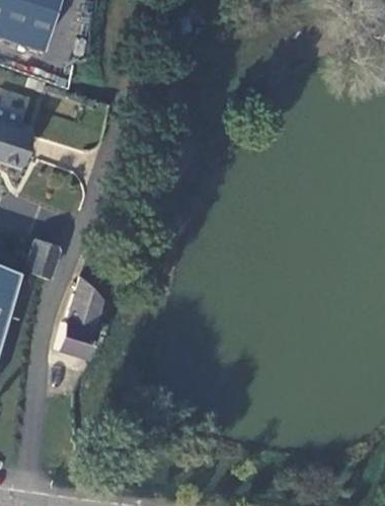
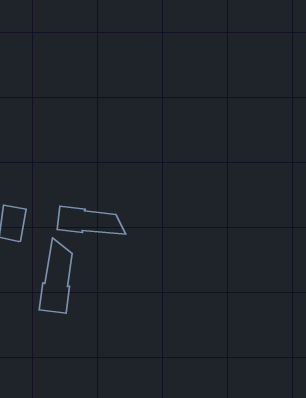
building: none -> [57,206,126,234]

